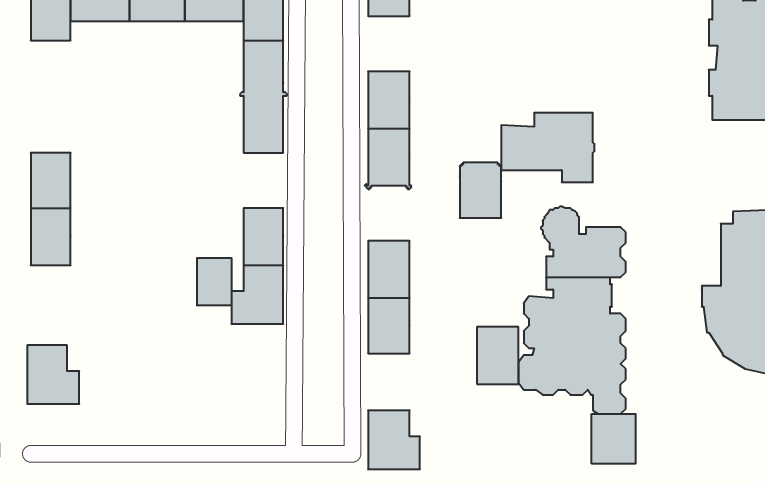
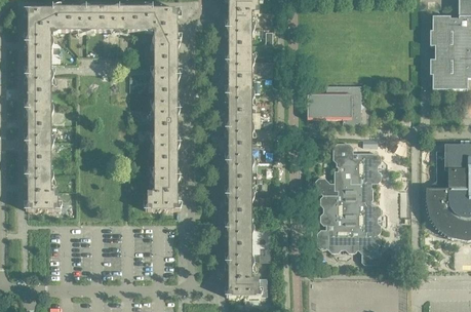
building: none -> [228,27,252,60]
building: none -> [26,41,53,108]
building: none -> [154,108,178,141]
building: [460,163,501,218] -> [228,127,252,160]
building: [197,258,231,306] -> none
building: [477,327,518,384] -> [228,227,252,261]
building: [27,345,79,404] -> [28,174,58,209]
building: [592,414,636,464] -> none

